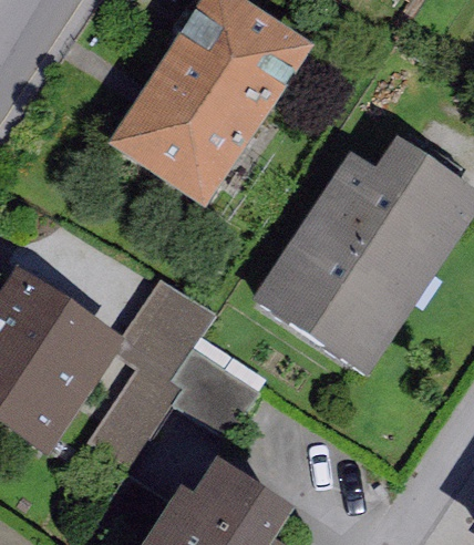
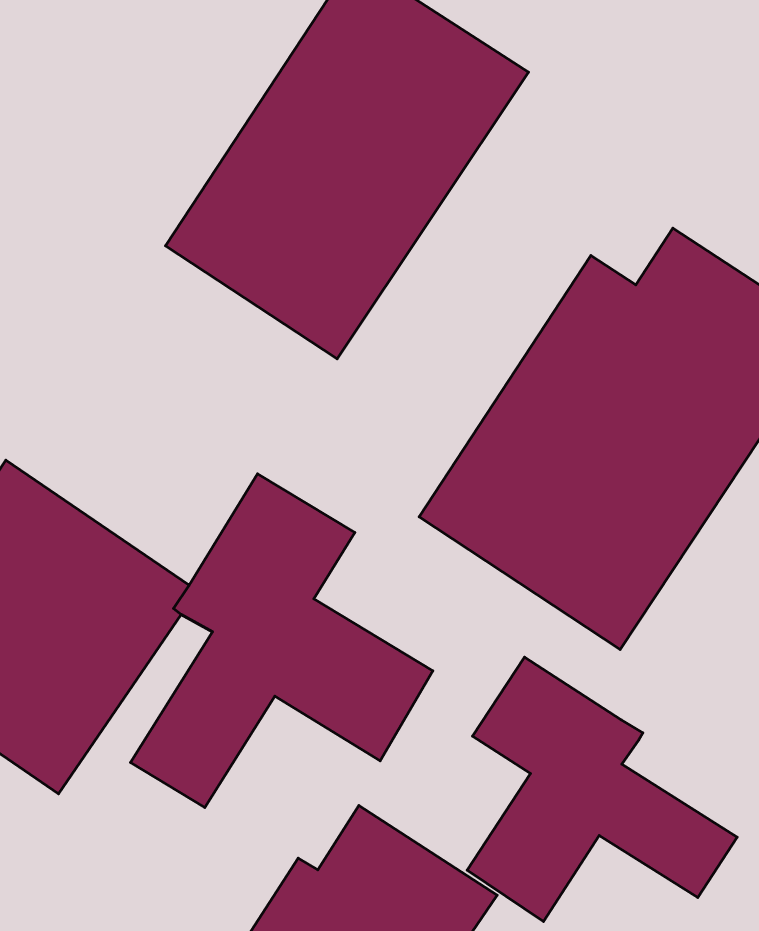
building: none -> [467,657,737,922]

